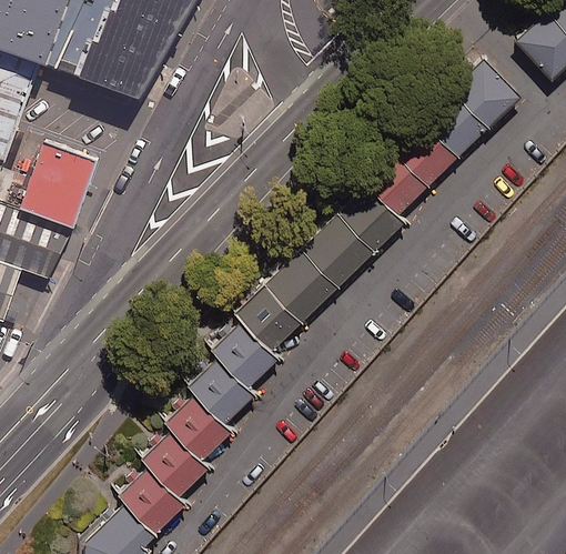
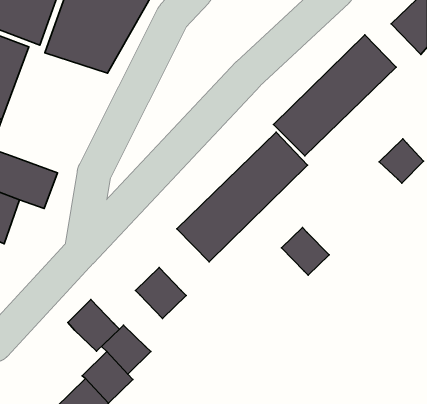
building: [18,147,102,233] -> none
building: none -> [379,139,424,183]
building: none -> [282,227,329,275]
building: [205,321,271,387] -> none
building: [156,393,224,461] -> [68,300,119,351]

